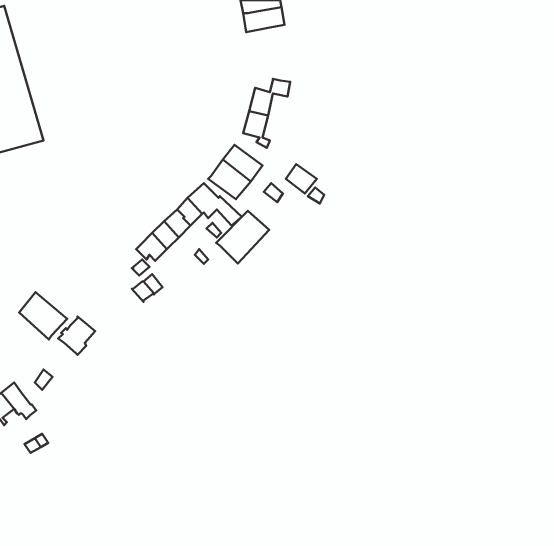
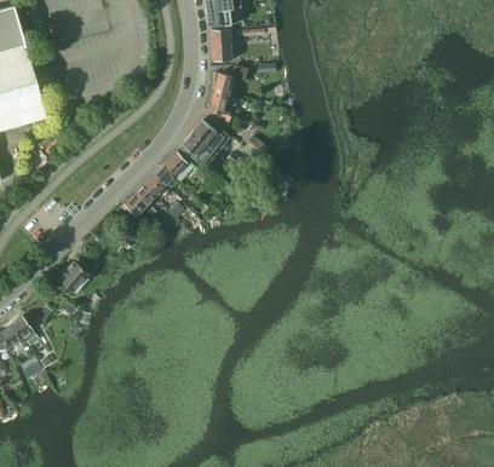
building: none -> [212,28,232,60]
building: [216,211,269,264] -> none
building: [19,292,67,340] -> none

